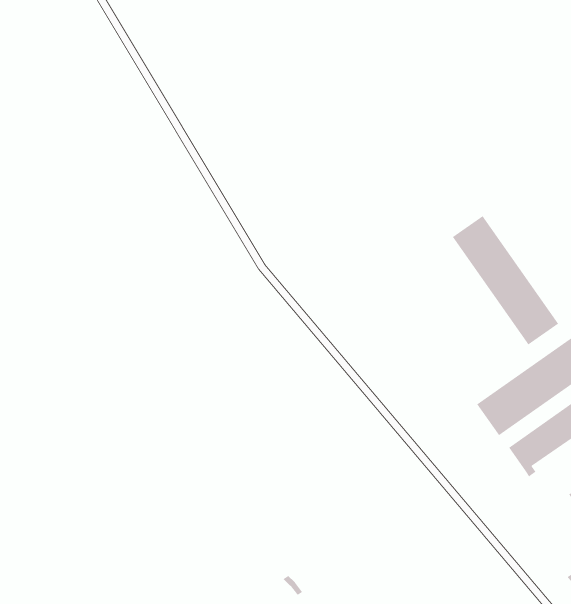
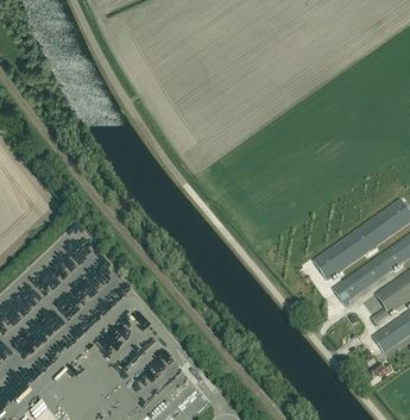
building: [452,215,559,345] -> none

